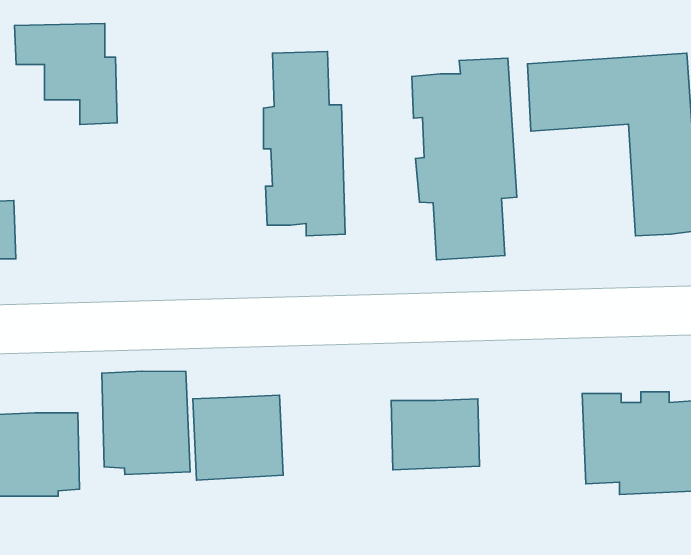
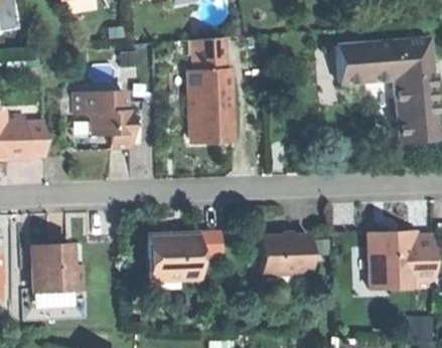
building: [14,24,117,125] -> [76,91,134,148]
building: [412,58,517,260] -> none
building: [102,371,190,475] -> none

